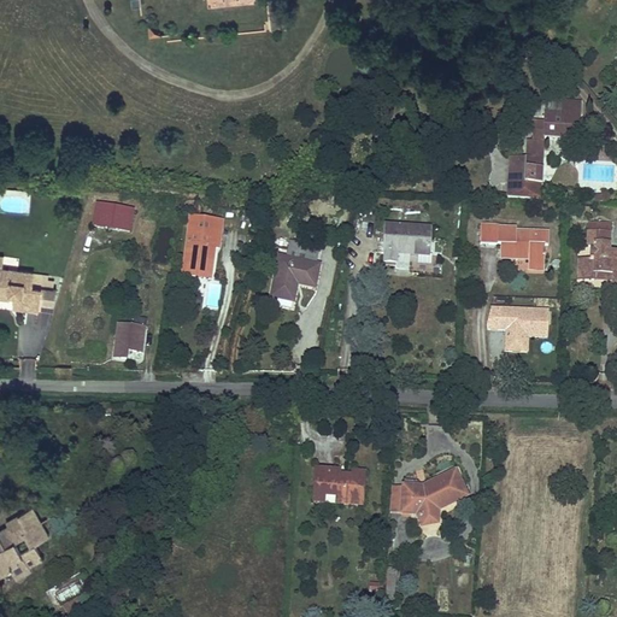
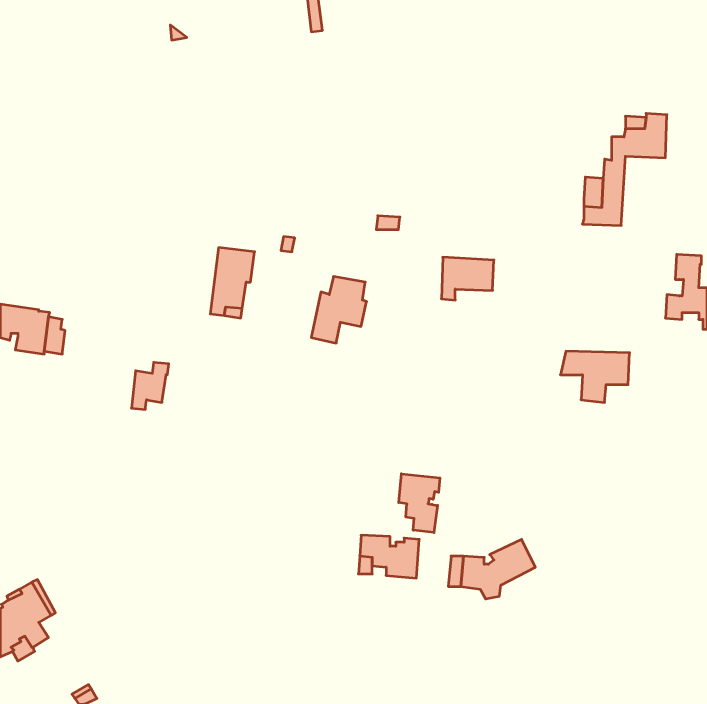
building: [93,201,133,229] -> none
building: [480,223,548,266] -> none
building: none -> [399,474,440,533]

